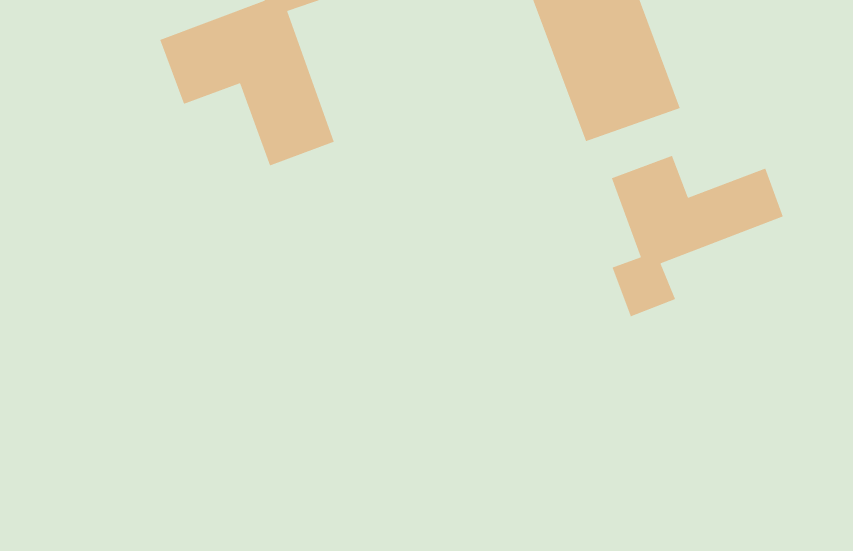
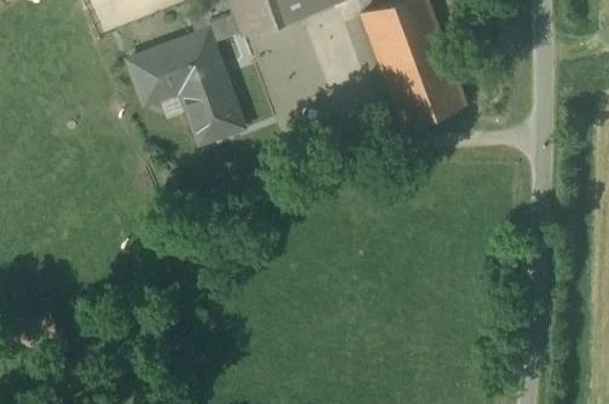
building: [611,155,784,317] -> none

